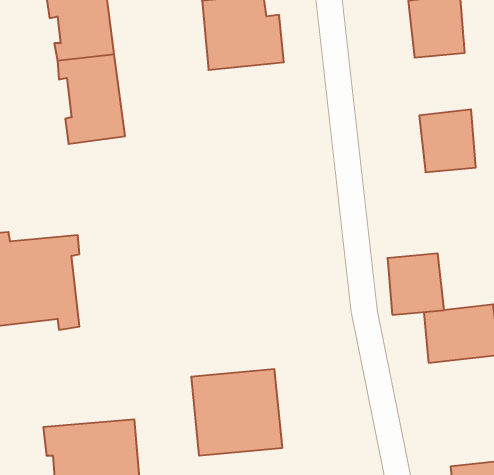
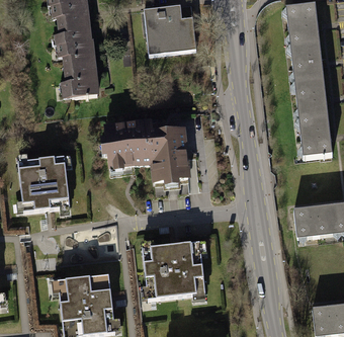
building: none -> [287,39,324,80]
building: none -> [107,118,196,187]
building: [387,253,444,315] -> [294,113,331,153]

